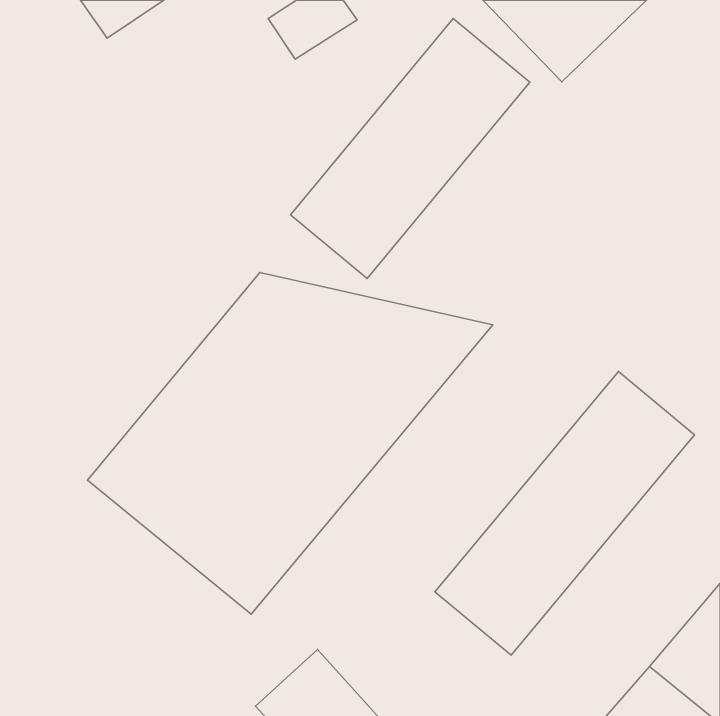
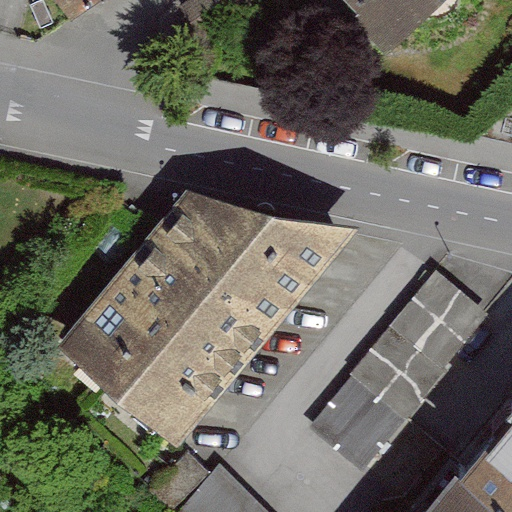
building: [290,18,530,278] -> none

